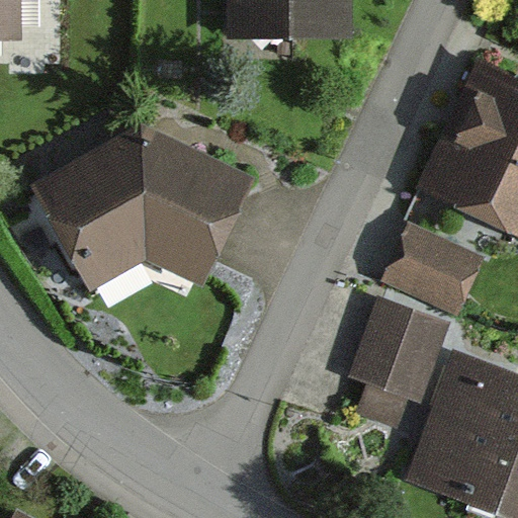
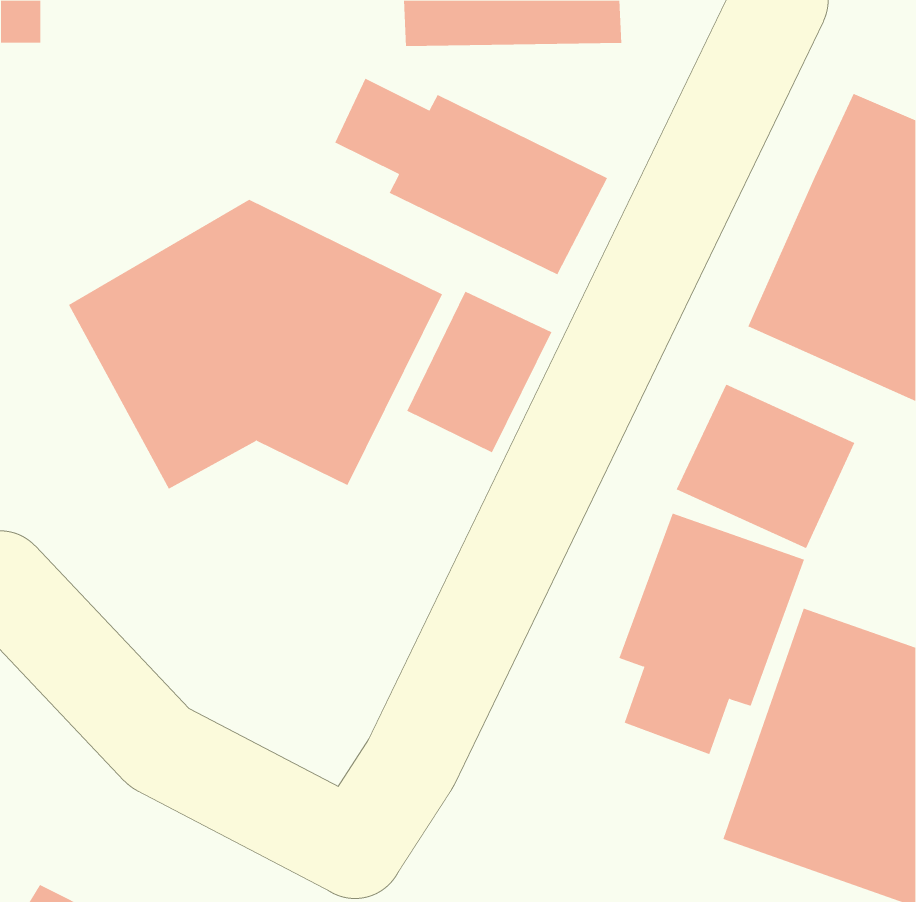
building: none -> [334,78,608,275]
building: none -> [406,291,552,453]

